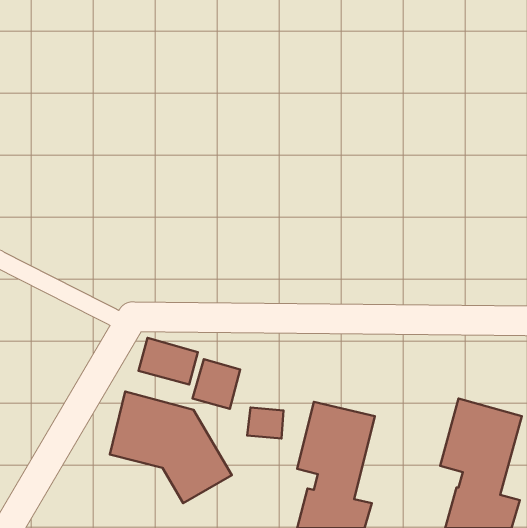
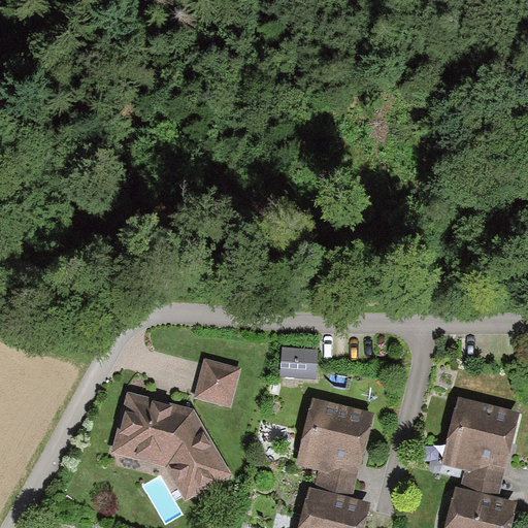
building: [138,338,198,385] -> none
building: [247,407,284,439] -> [279,348,316,378]

